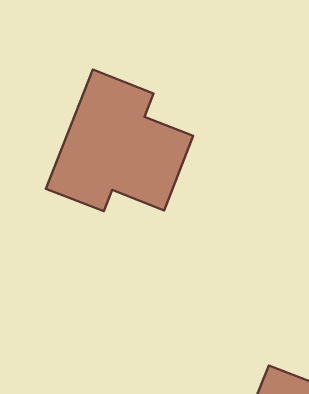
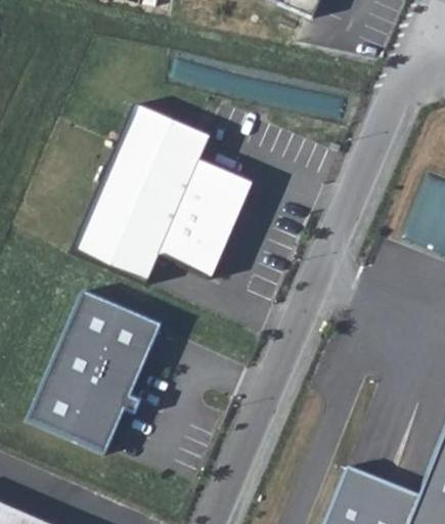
building: none -> [29,287,164,452]

